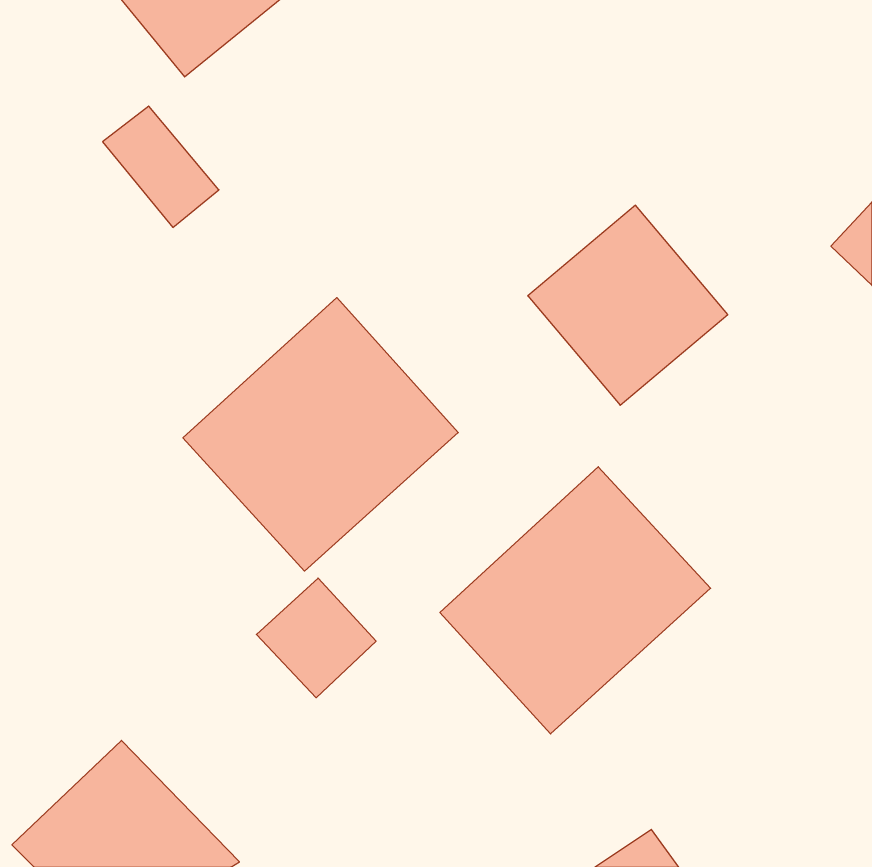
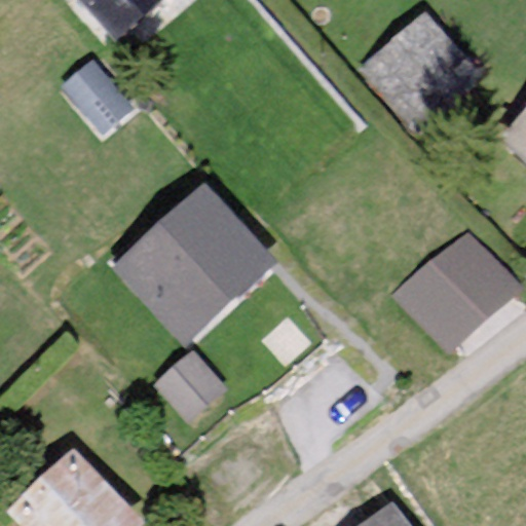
building: [528,205,728,405] -> [358,16,478,137]
building: none -> [402,236,520,353]
building: [440,467,711,734] -> none

